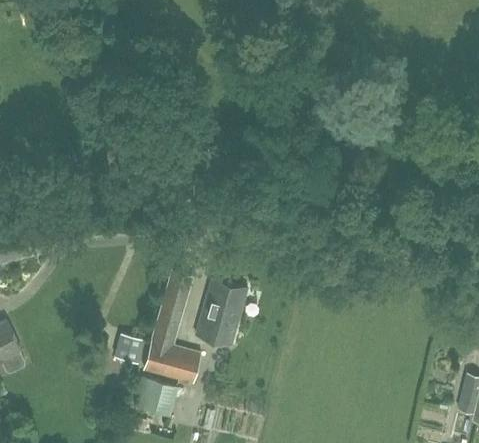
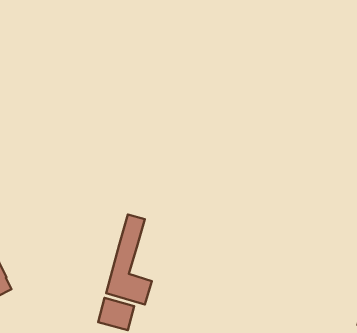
building: [196,278,248,345] -> none
building: [113,334,143,364] -> none

